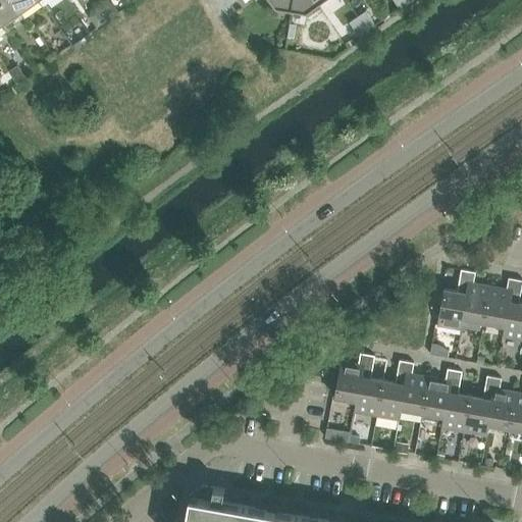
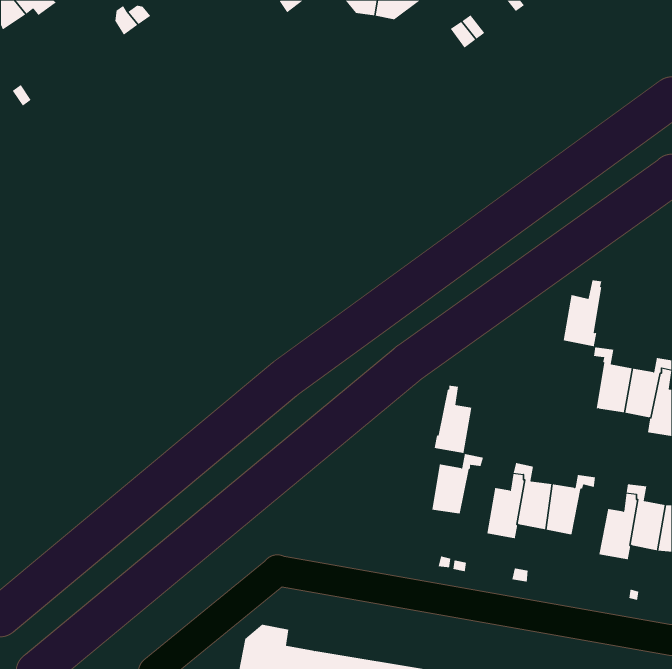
building: [437,278,468,330] -> [563,280,602,347]
building: [354,363,383,416] -> [434,385,472,453]
building: [440,378,471,432] -> none

